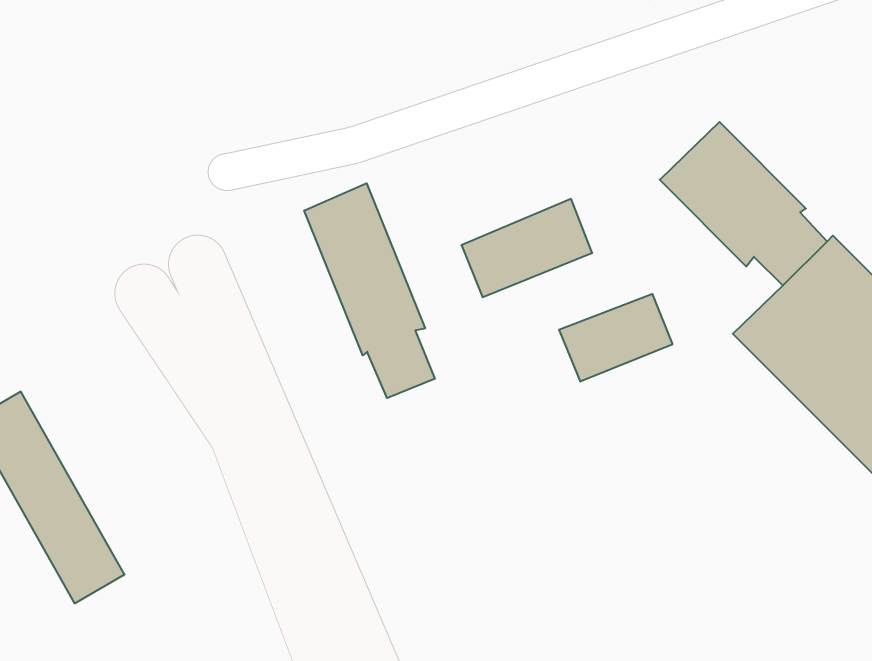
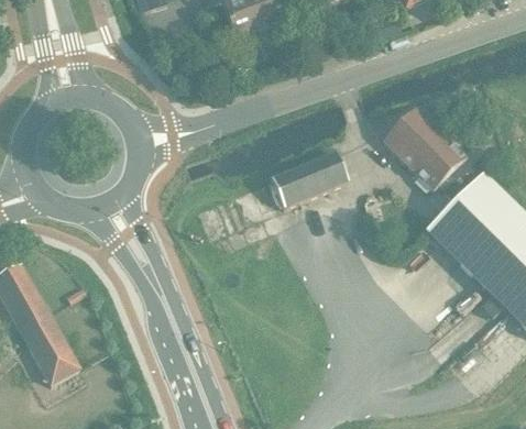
building: [304,183,435,398] -> none
building: [559,294,672,382] -> none

